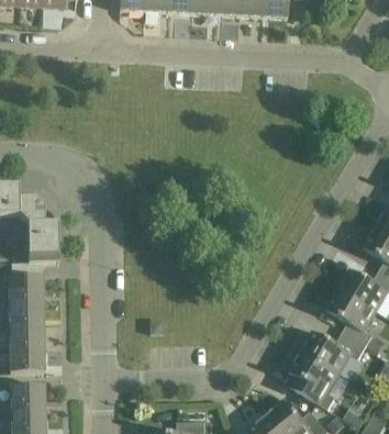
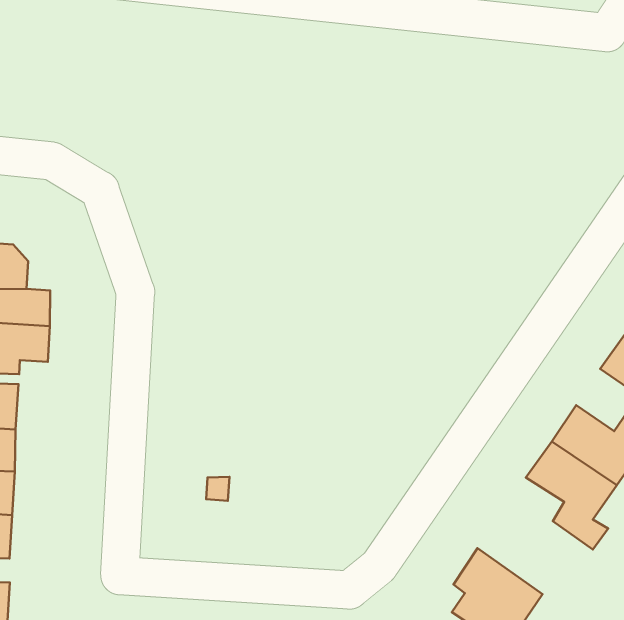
building: [301,330,365,374] -> none

